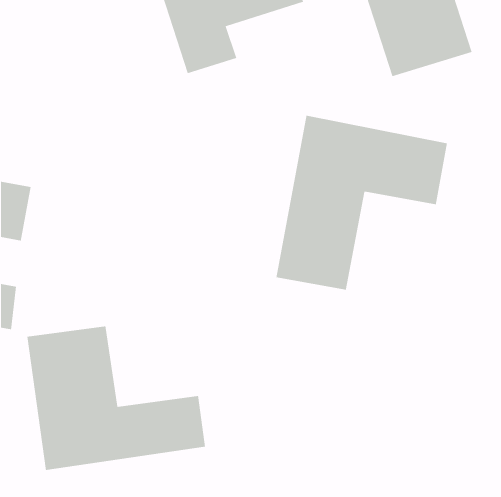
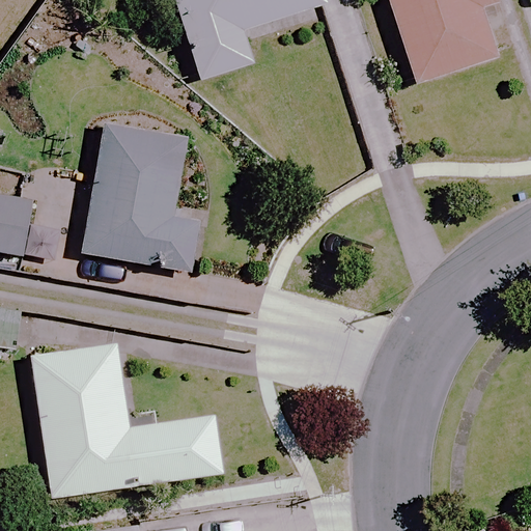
building: none -> [86,120,205,273]
building: [276,115,448,290] -> none

